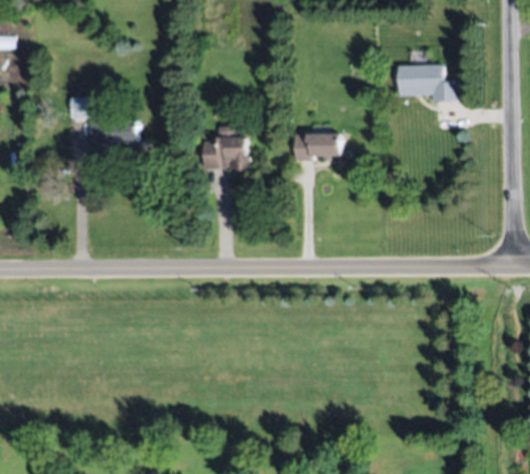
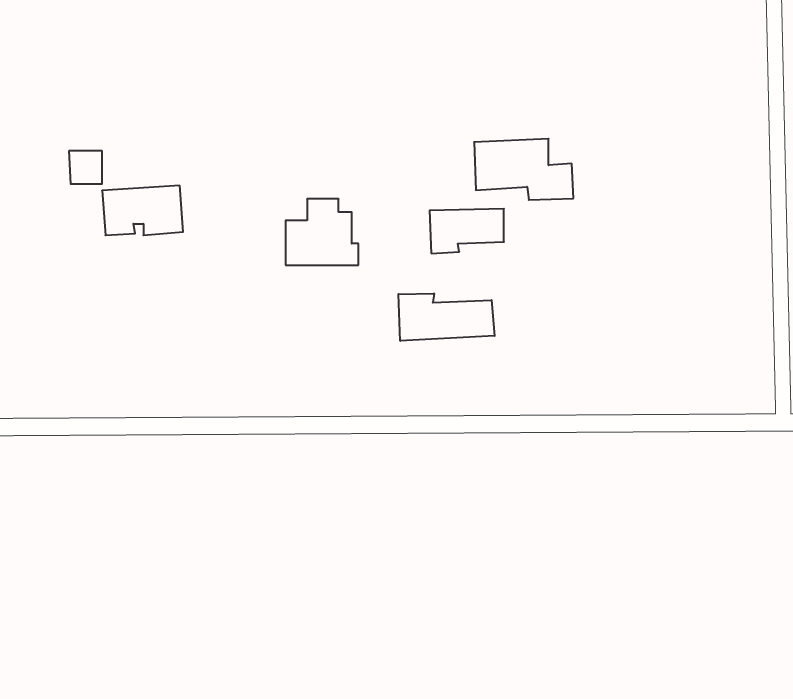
building: [399,64,461,102] -> [474,139,573,200]
building: none -> [398,293,495,341]

